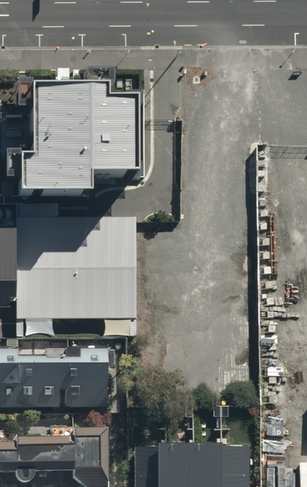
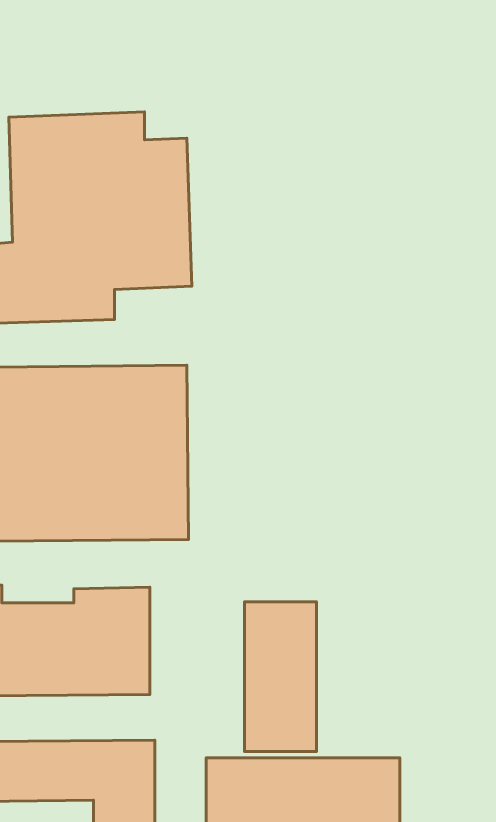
building: none -> [245,602,317,752]

